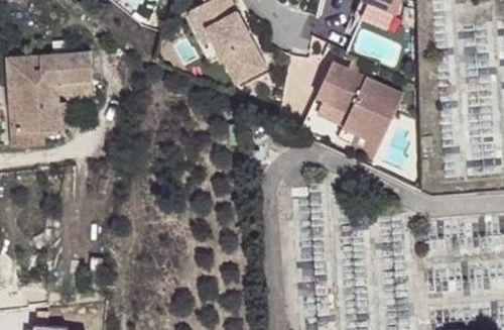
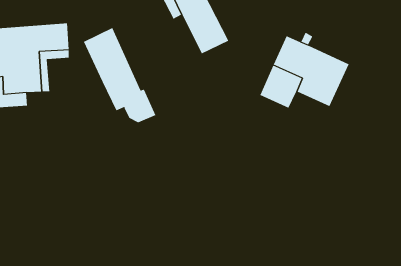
building: none -> [83,27,156,123]

